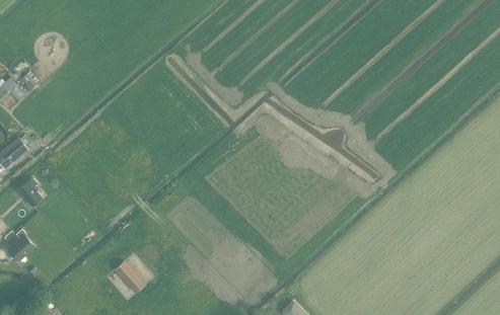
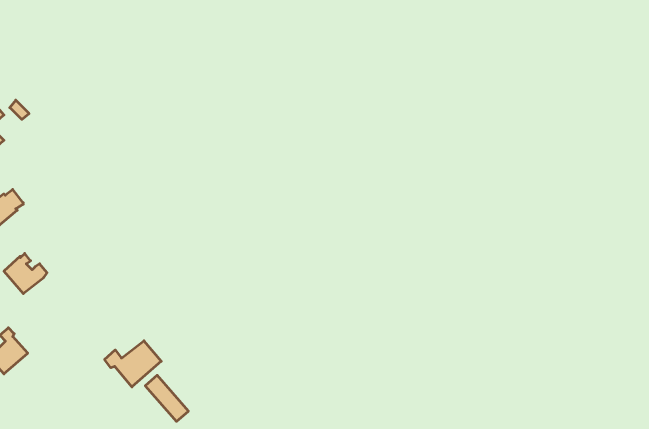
building: none -> [105,341,161,387]

